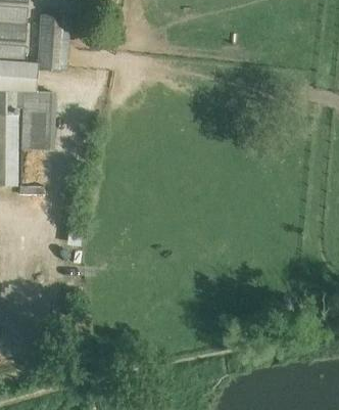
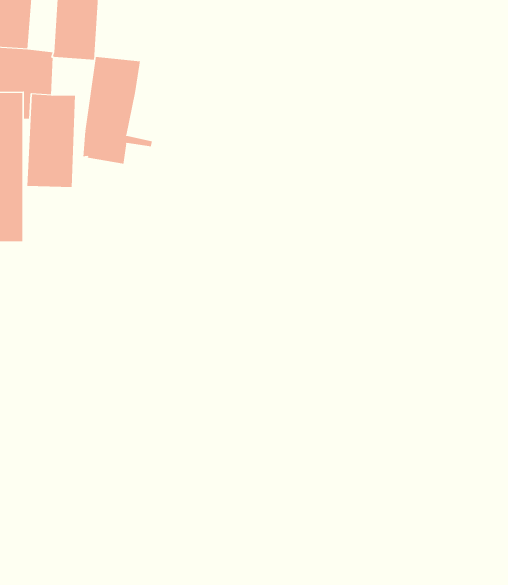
building: none -> [83,56,153,164]

